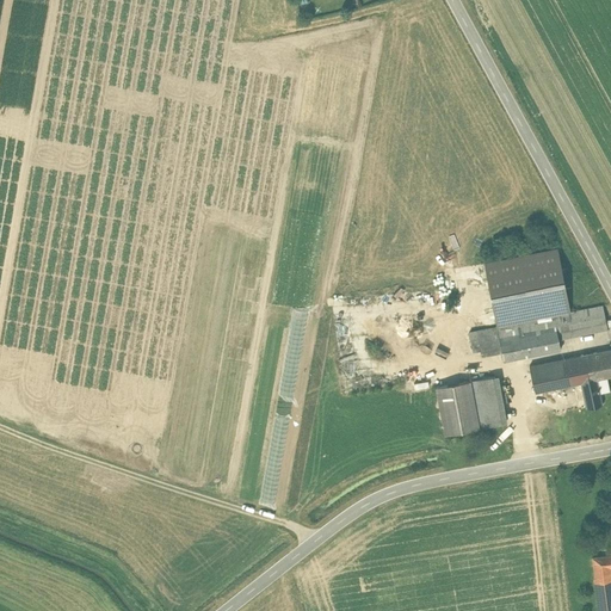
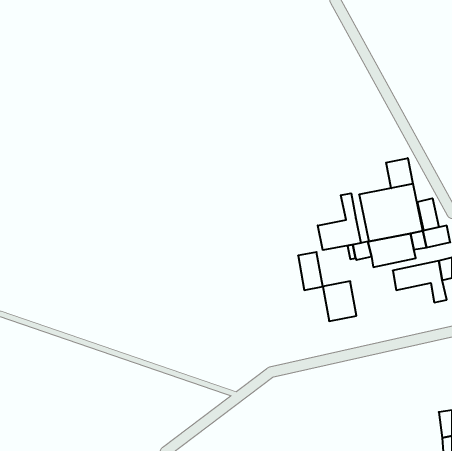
building: none -> [386,158,413,188]
building: none -> [318,193,361,250]
building: none -> [417,198,439,231]
building: [473,376,506,427] -> [298,252,323,290]

